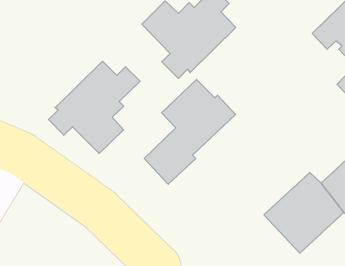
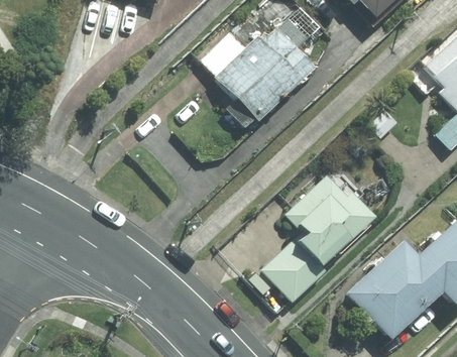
building: [49,61,140,154] -> none
building: [144,79,236,184] -> [263,173,374,301]

